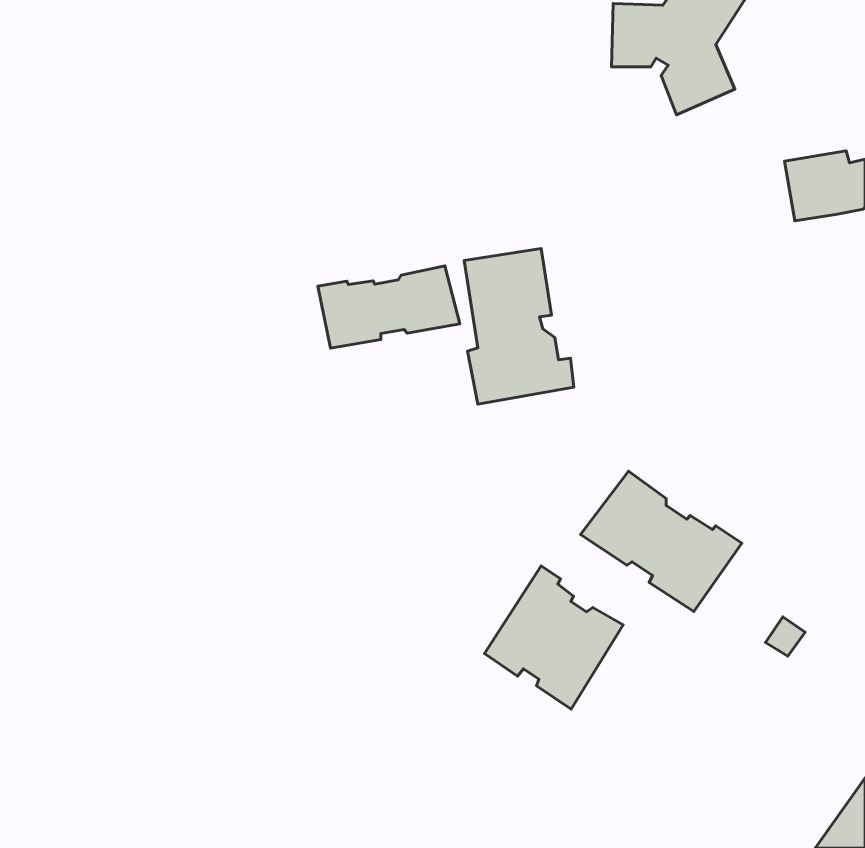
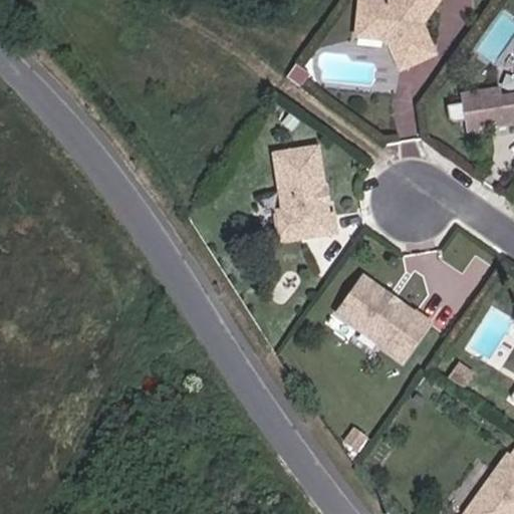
building: [318,266,460,348] -> none
building: [484,566,623,709] -> none

